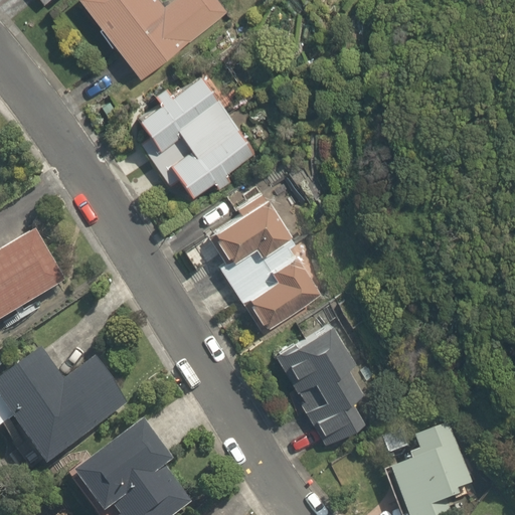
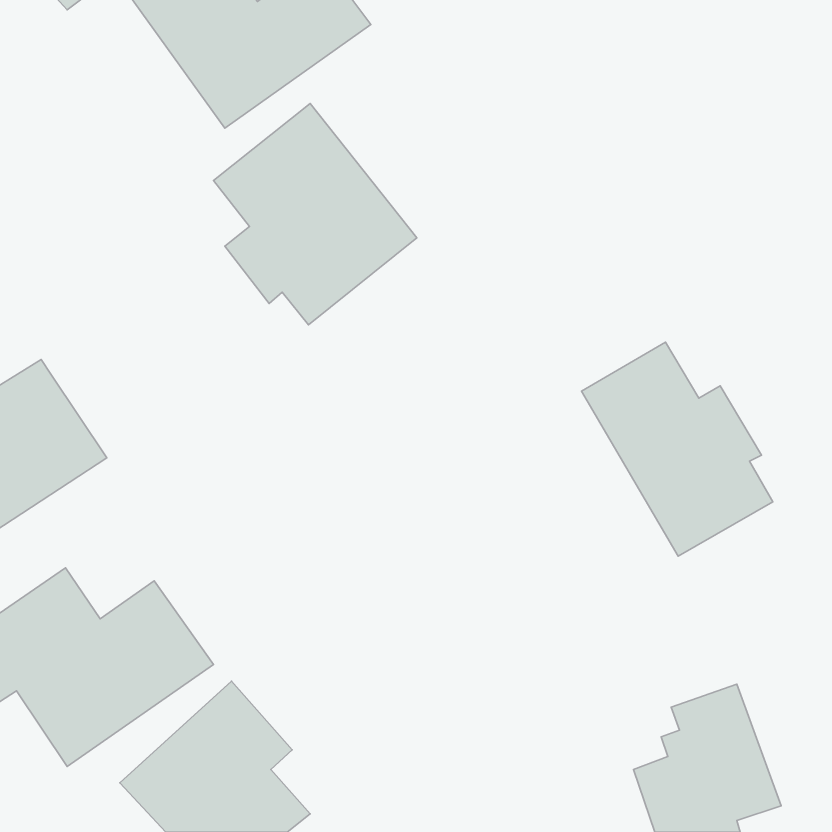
building: [205,177,320,332] -> none
building: none -> [581,342,773,556]
building: [267,314,388,450] -> none

